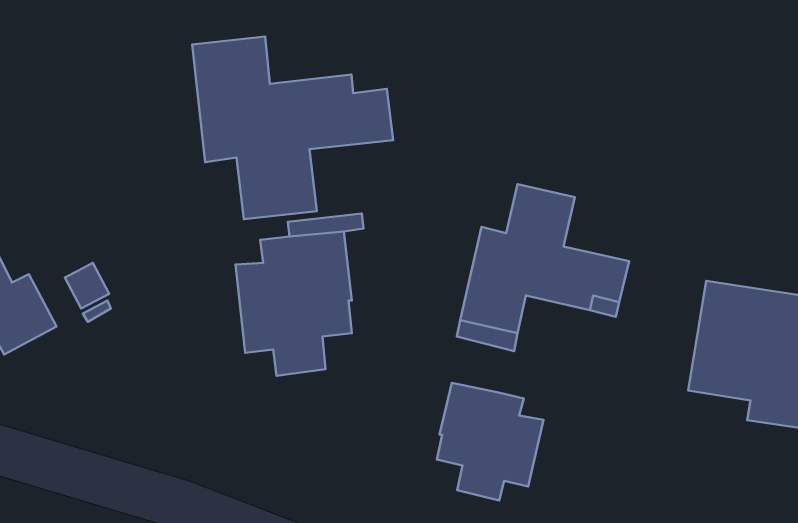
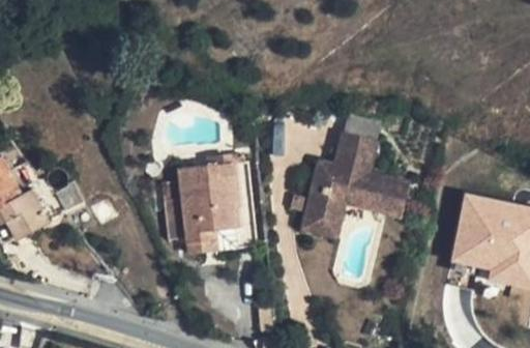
building: [192,37,393,219] -> none
building: [437,383,543,501] -> none

